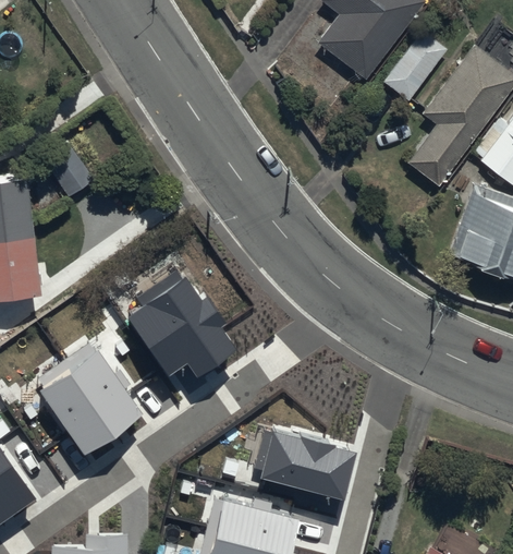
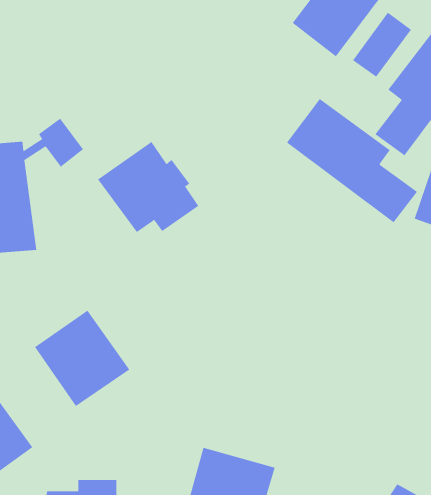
building: none -> [286,98,418,223]
building: [126,278,236,377] -> [97,141,199,233]
building: [259,431,356,501] -> none

